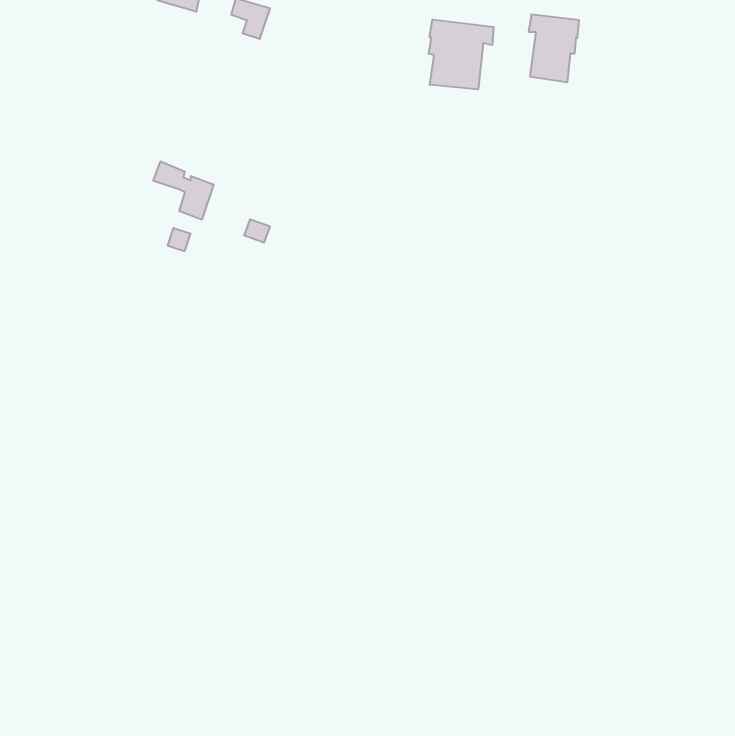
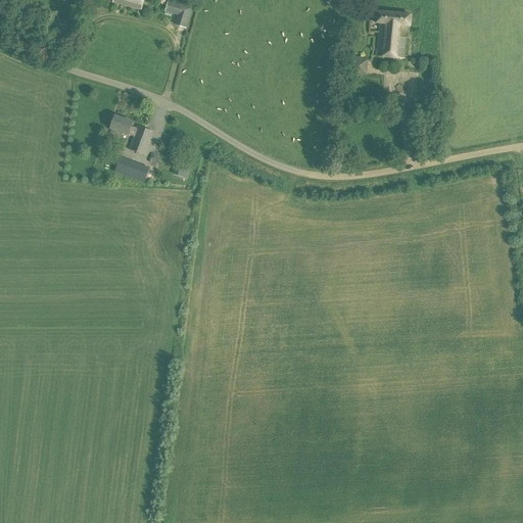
building: [429,19,494,89] -> none

